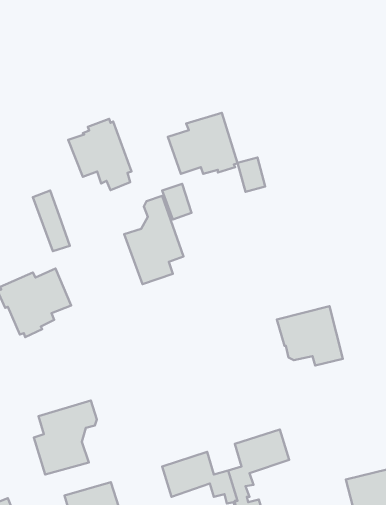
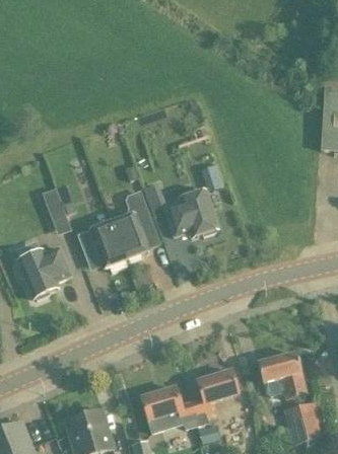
building: [168,113,238,174] -> [165,190,219,236]
building: [68,119,132,190] -> [78,218,127,273]
building: [277,306,343,366] -> [257,353,308,398]
building: [34,400,97,475] -> none

